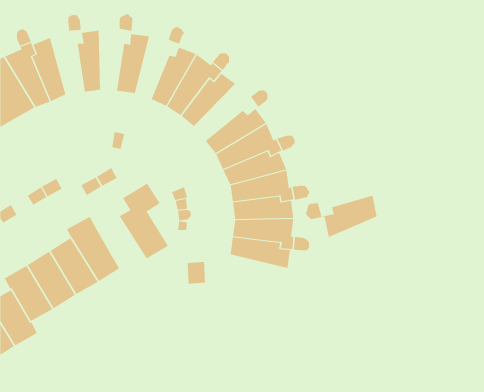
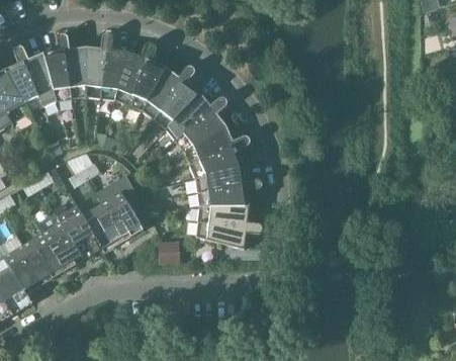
building: none -> [85,43,111,96]
building: none -> [43,44,72,99]
building: none -> [115,50,153,103]
building: none -> [165,90,218,139]
building: [306,195,377,238] -> none
building: none -> [83,202,124,251]

